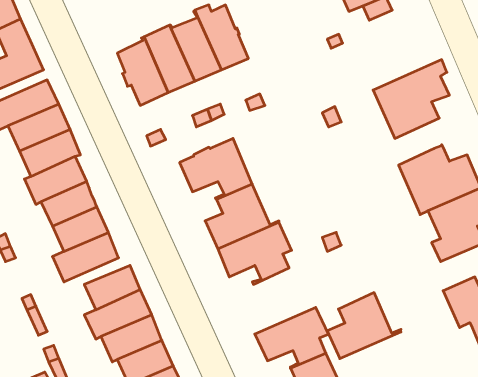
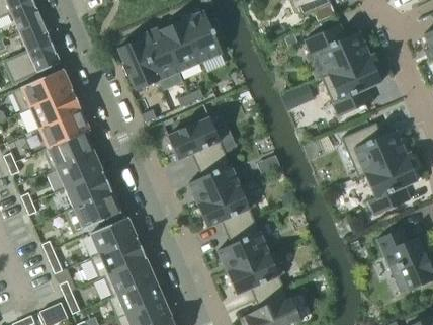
building: none -> [306,23,376,78]
building: [327,293,401,359] -> [218,220,276,272]

